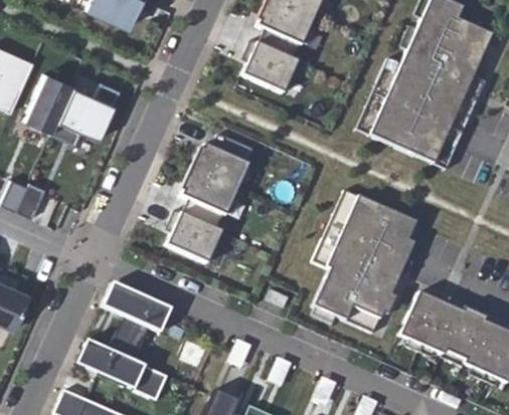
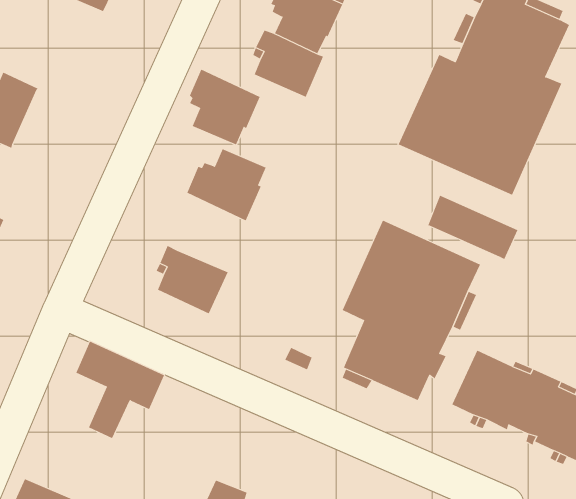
building: [54,81,122,141] -> none
building: [182,168,238,228] -> [189,69,261,145]
building: none -> [427,195,518,260]
building: [75,343,168,403] -> none

